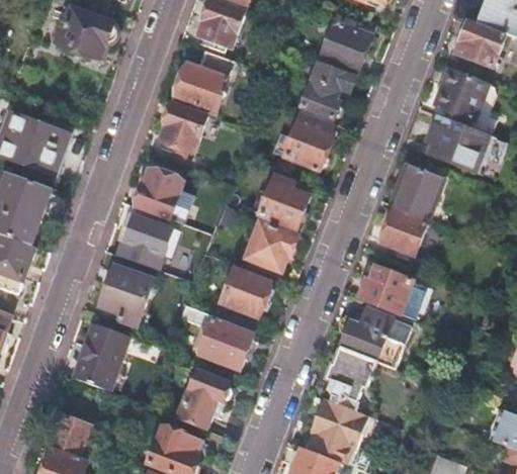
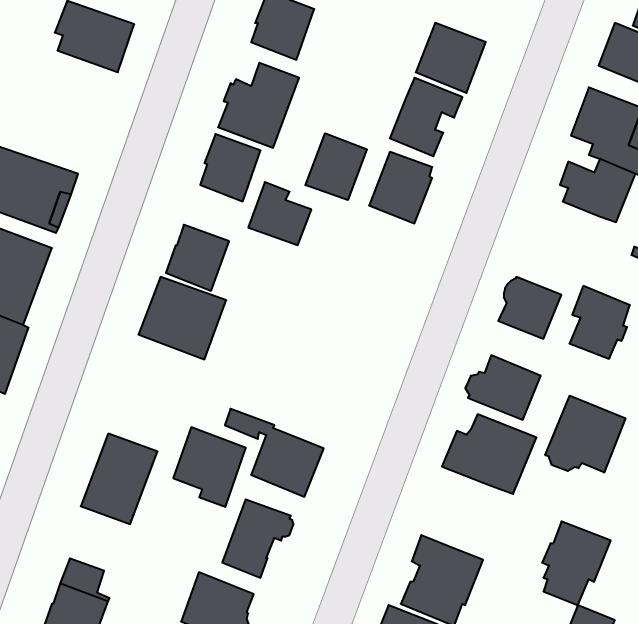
building: none -> [305,133,367,200]
building: [395,164,439,217] -> [569,286,630,359]
building: [259,183,306,229] -> [248,182,311,245]
building: [246,223,293,272] -> none
building: [99,267,153,325] -> [173,427,246,507]
building: [221,270,272,317] -> none
building: none -> [545,396,625,473]
building: [325,348,375,409] -> [542,521,611,605]

